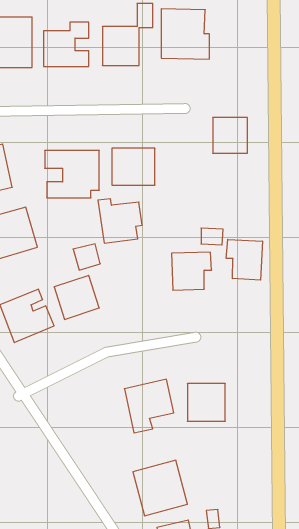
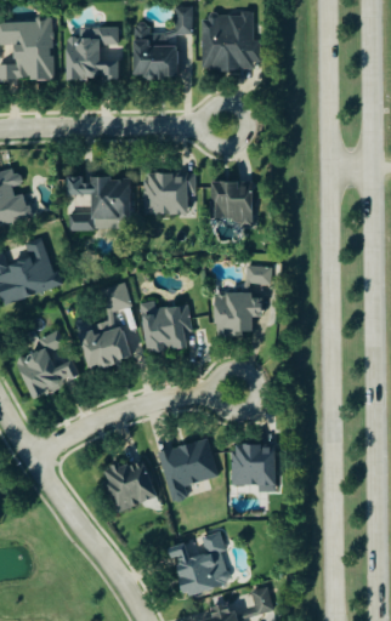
building: [213,118,247,153] -> [211,181,251,222]
building: [98,199,142,243] -> [141,301,192,352]
building: [226,239,262,280] -> none
building: none -> [101,456,155,512]

